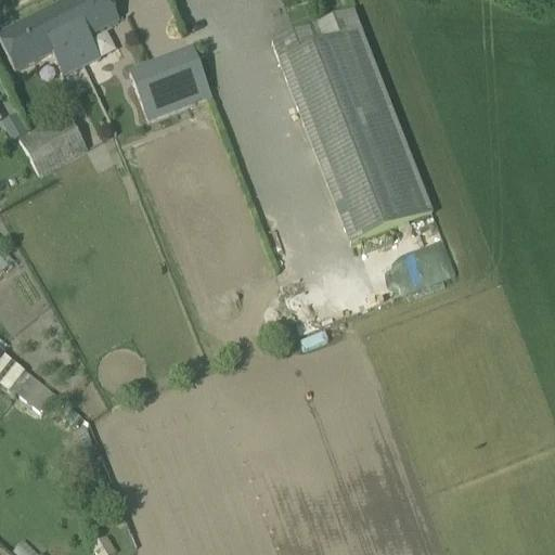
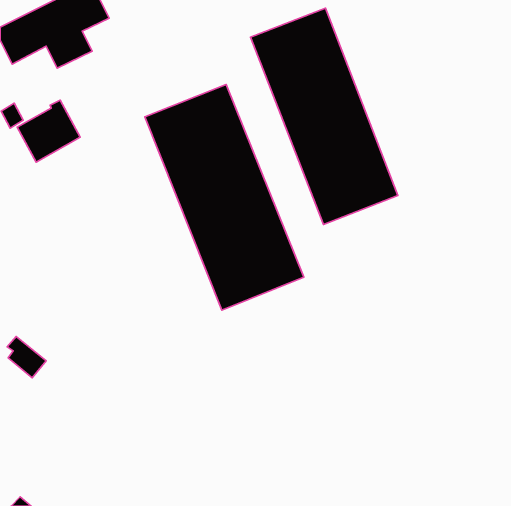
building: [129,47,210,119] -> none
building: none -> [145,85,304,310]

